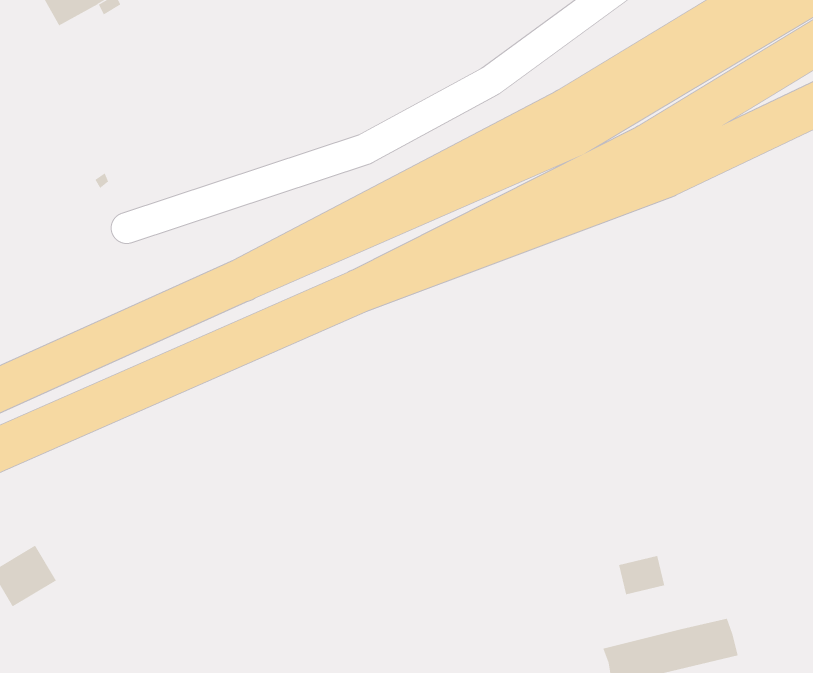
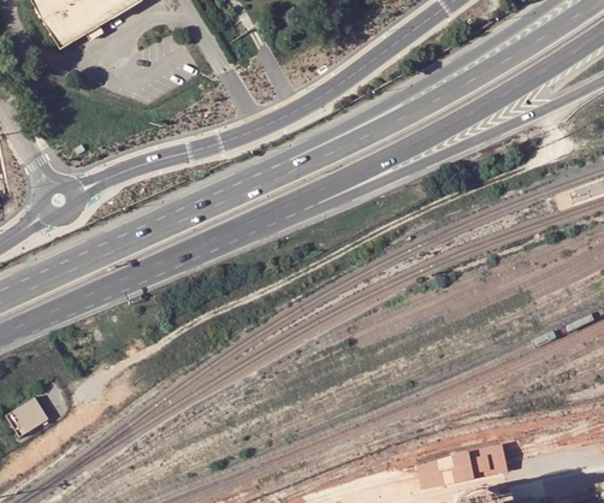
building: [618,555,665,595] -> none

